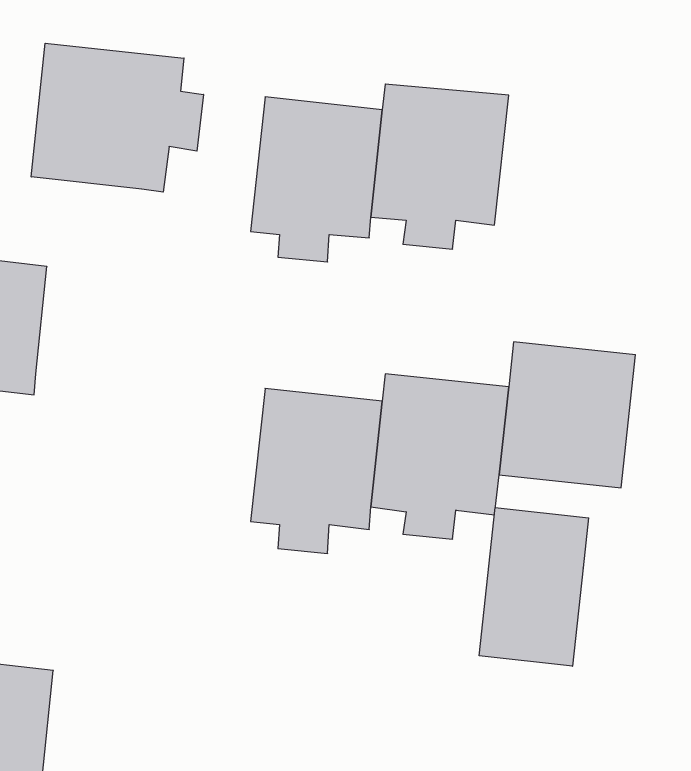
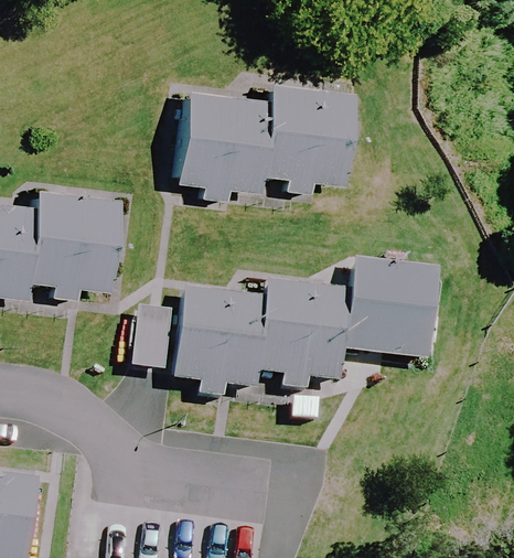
building: [31,43,203,192] -> none
building: none -> [26,186,120,301]
building: [479,507,589,666] -> none

